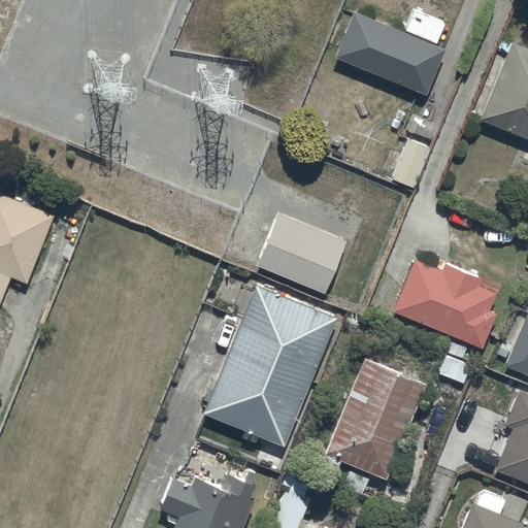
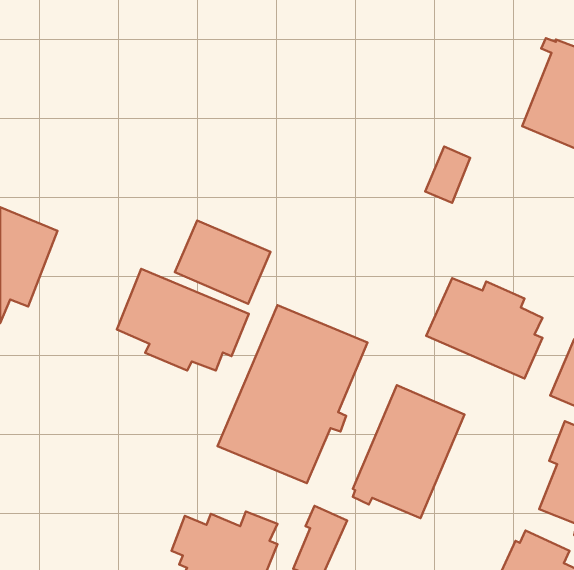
building: [334,10,447,97] -> none
building: [258,213,345,290] -> [175,220,271,304]
building: none -> [117,269,249,371]

